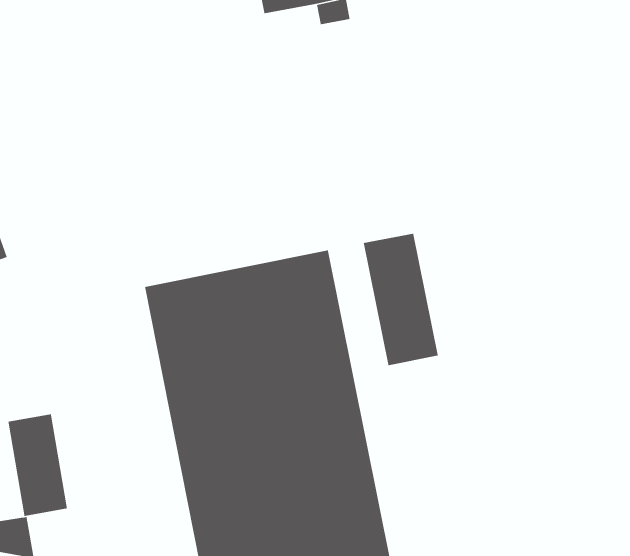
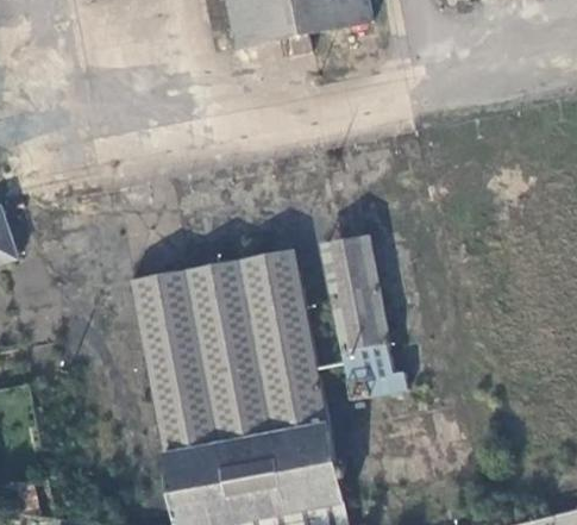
building: none -> [343,342,406,399]
building: [7,413,68,517] -> none

